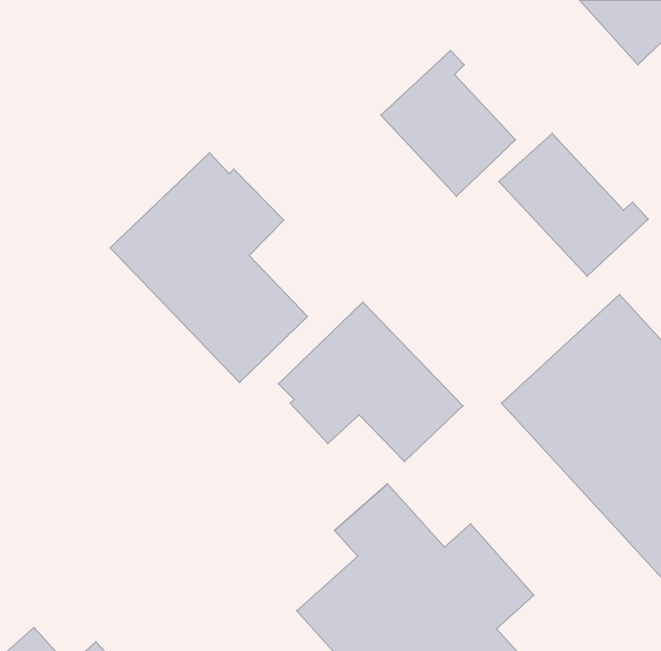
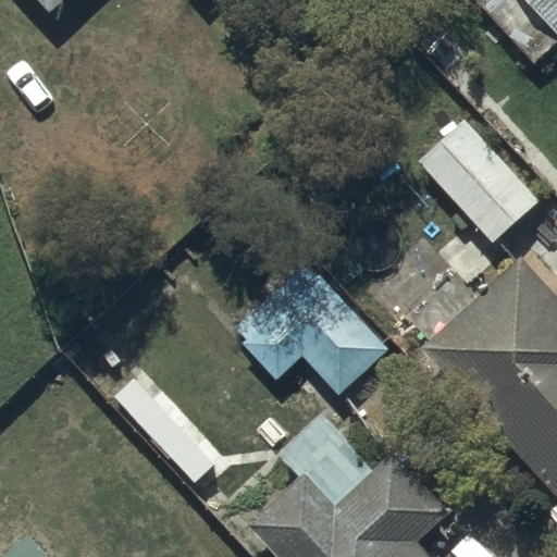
building: [381,51,515,196] -> none
building: [110,153,307,382] -> none

